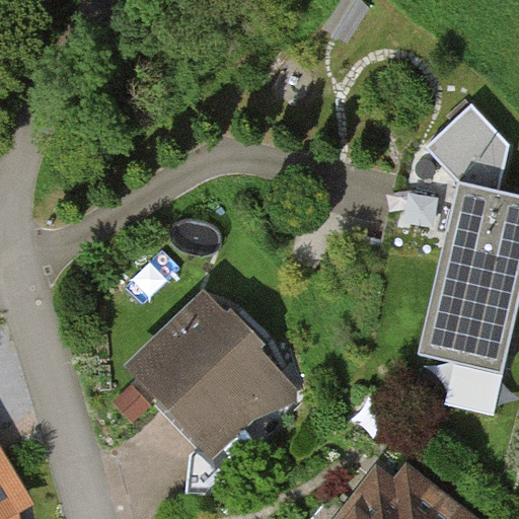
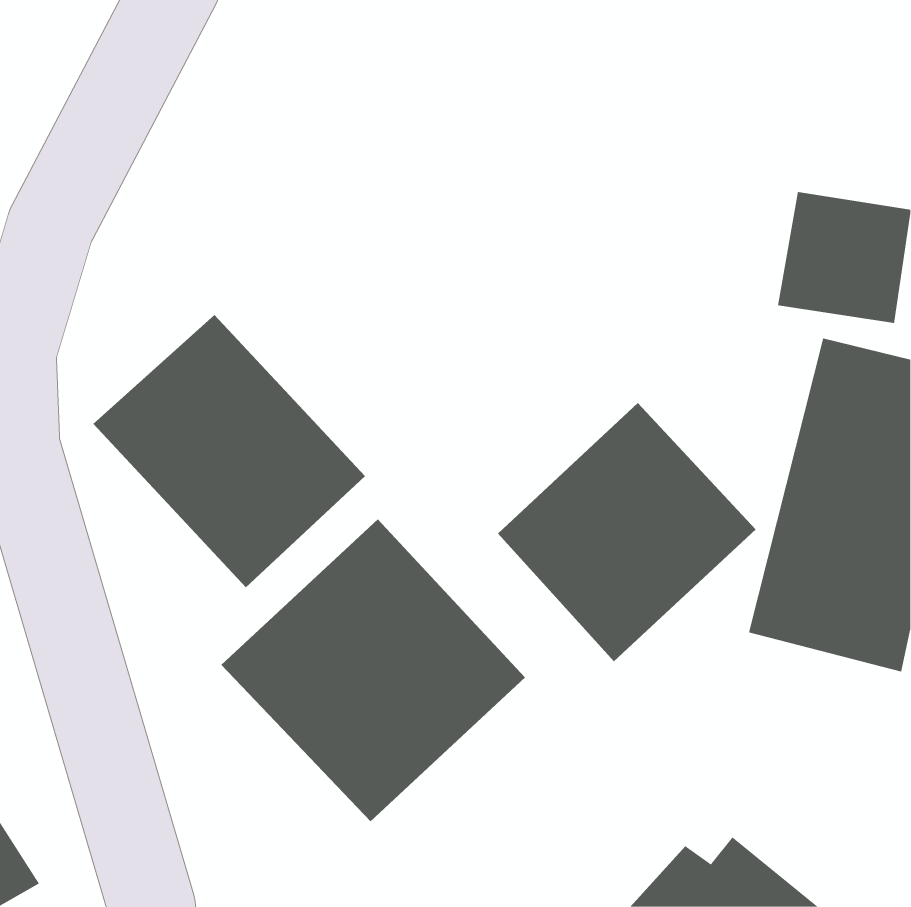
building: none -> [93,314,366,588]
building: none -> [497,402,757,662]

